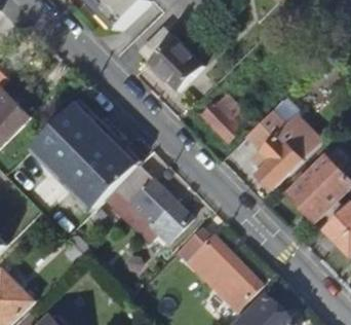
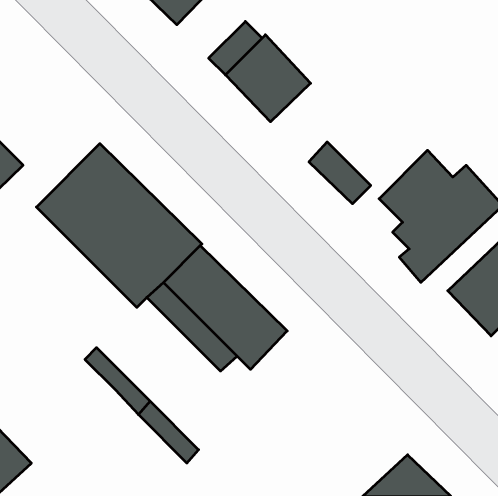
building: [178,229,258,305] -> none

